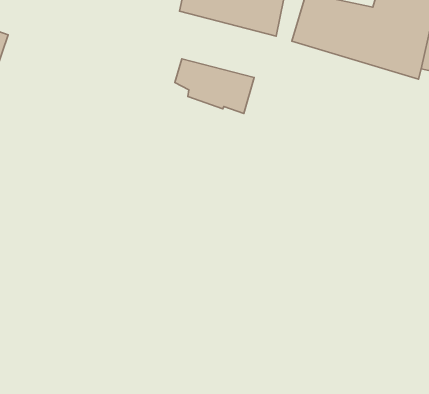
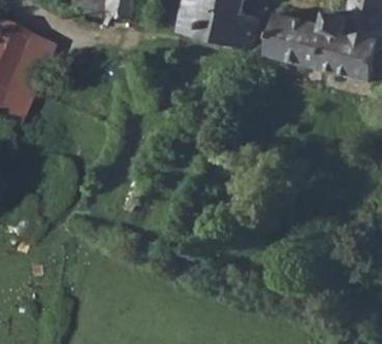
building: [175,59,254,113] -> none

